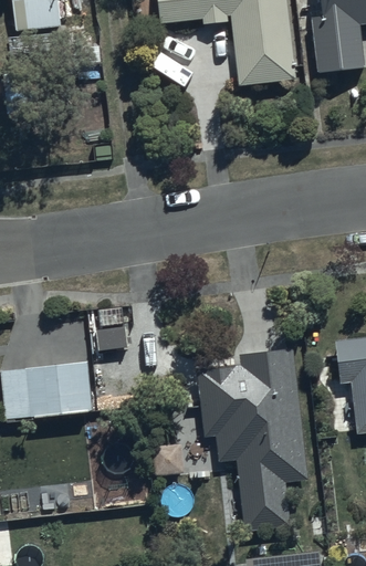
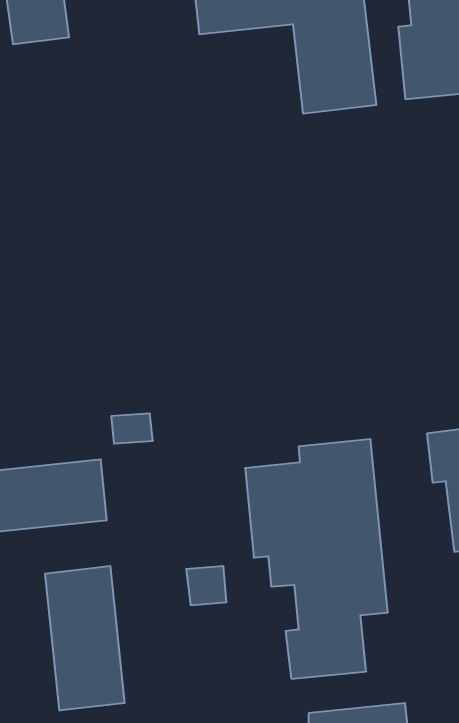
building: none -> [45,566,125,711]

